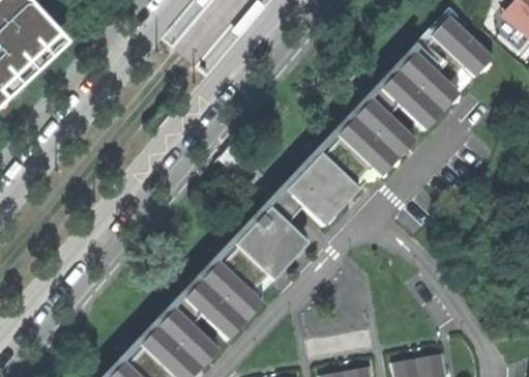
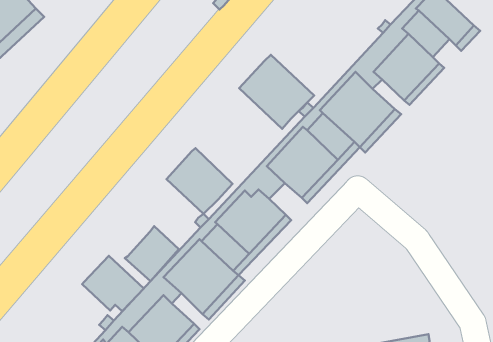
building: none -> [239,55,314,129]
building: none -> [167,148,233,214]
building: none -> [125,226,179,281]
building: none -> [82,256,144,311]

